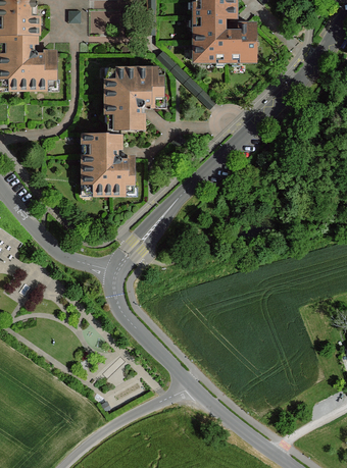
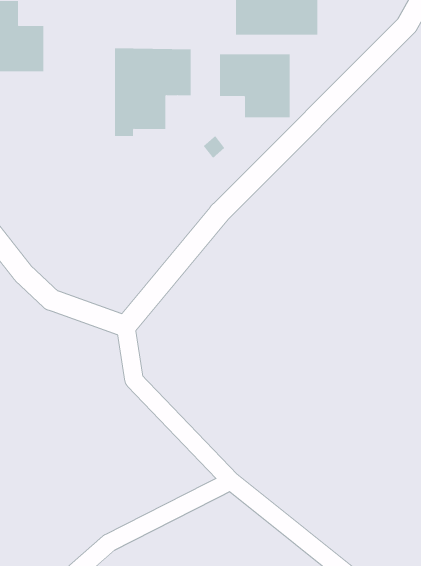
building: none -> [220,54,290,118]
building: [83,135,133,193] -> none

